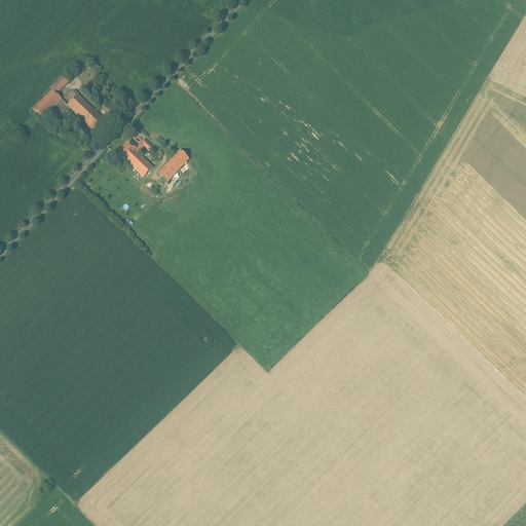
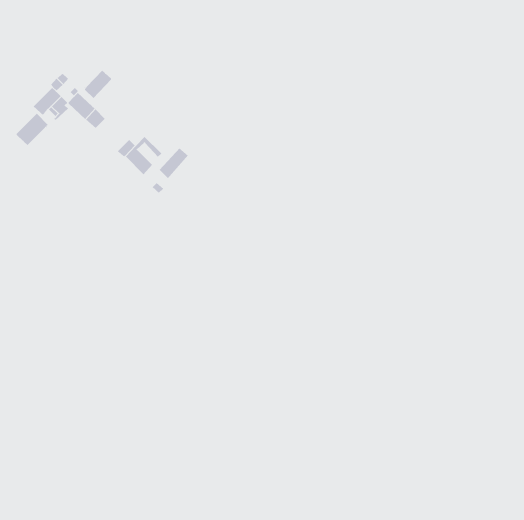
building: none -> [84,70,112,99]
building: none -> [16,113,48,146]

